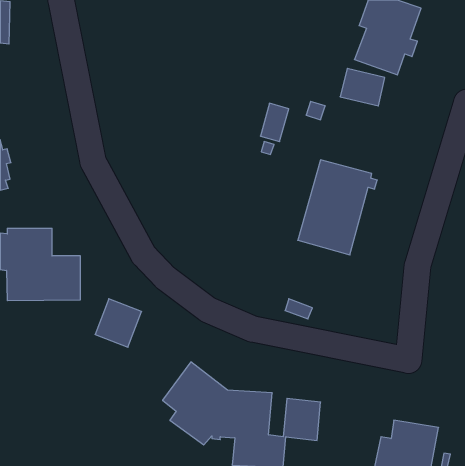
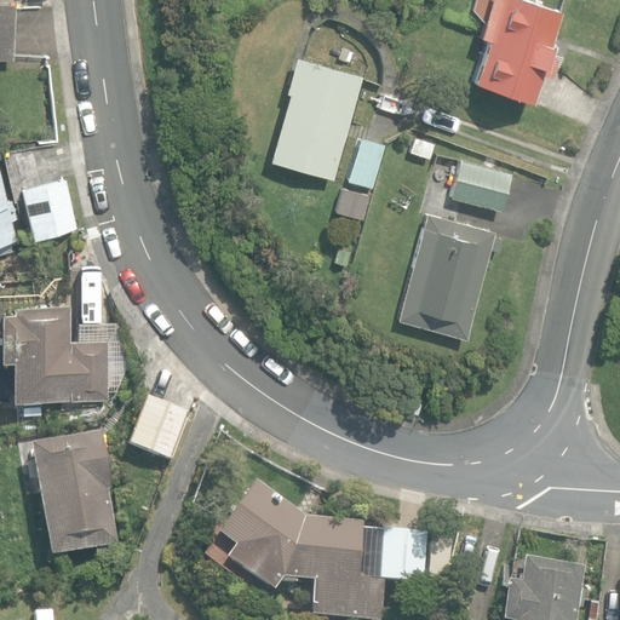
building: none -> [271,57,363,179]
building: [340,68,385,106] -> [448,160,507,209]
building: none -> [27,179,78,237]
building: none -> [29,432,119,558]

